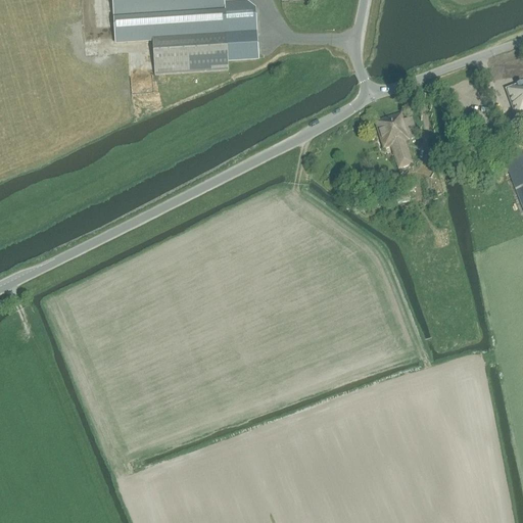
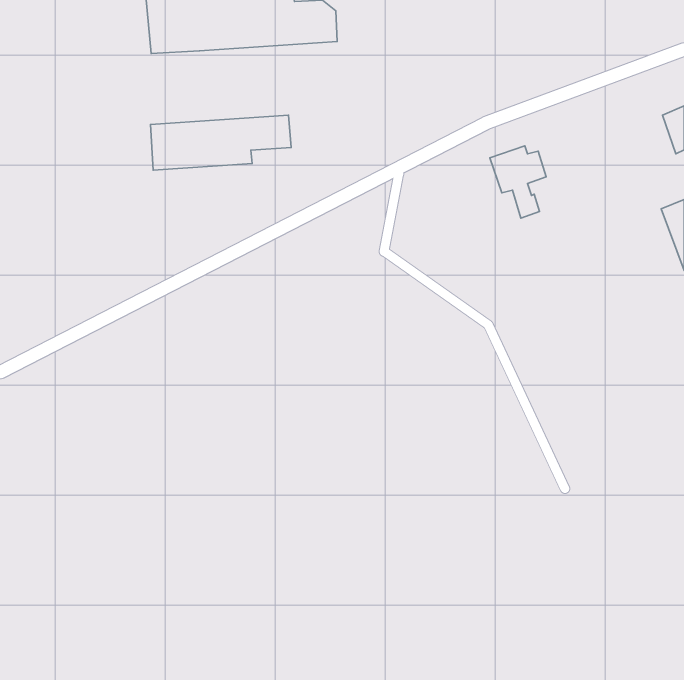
building: [152,32,259,74] -> [151,115,291,170]

